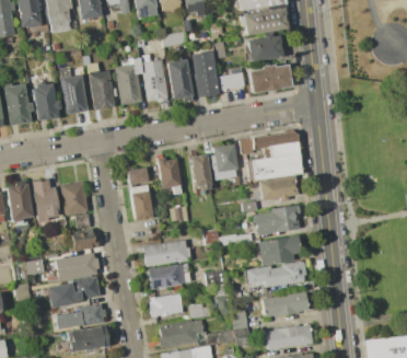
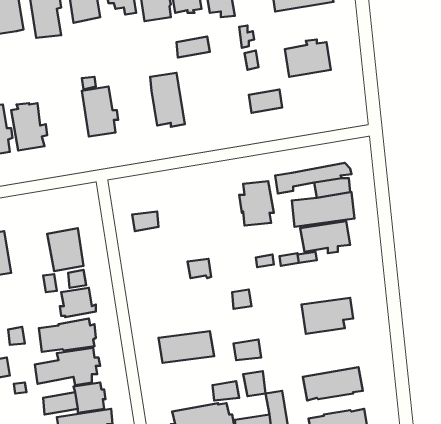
building: [243,8,288,35] -> none
building: [191,50,219,97] -> none
building: [114,58,142,104] -> none
building: [167,59,193,102] -> none
building: [248,65,292,92] -> none
building: [60,74,86,114] -> none
building: [191,154,211,189] -> none
building: [159,158,183,194] -> none
building: [32,178,60,222] -> none
building: [130,185,152,219] -> none
building: [255,206,301,234] -> none
building: [143,240,190,266] -> none
building: [247,262,306,287] -> none
building: [149,292,183,316] -> none

